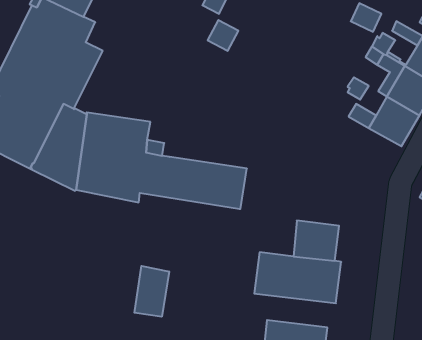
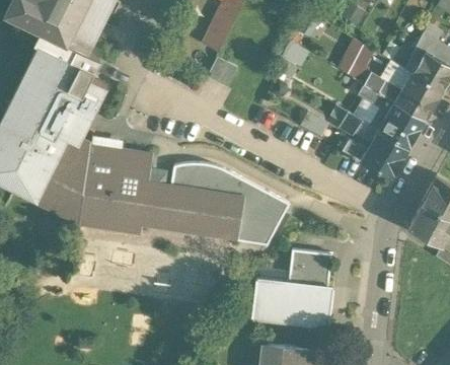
building: none -> [169,164,289,247]
building: [134,266,169,317] -> none

